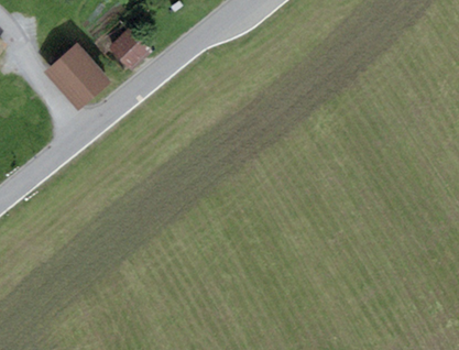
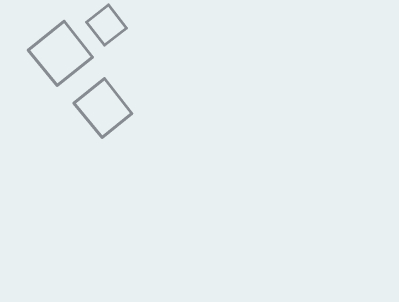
building: none -> [74,78,132,137]

